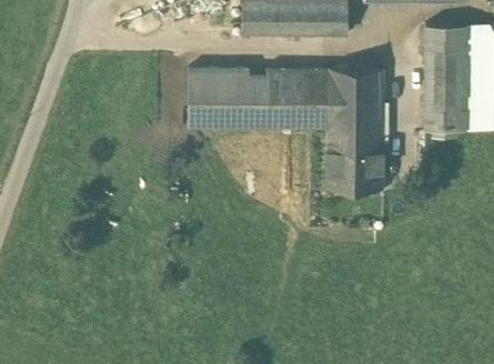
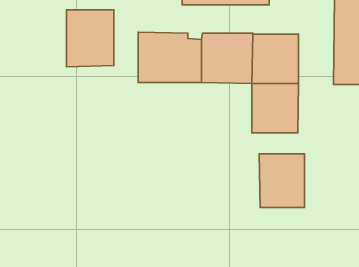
building: none -> [66,10,114,67]
building: none -> [259,154,304,208]

